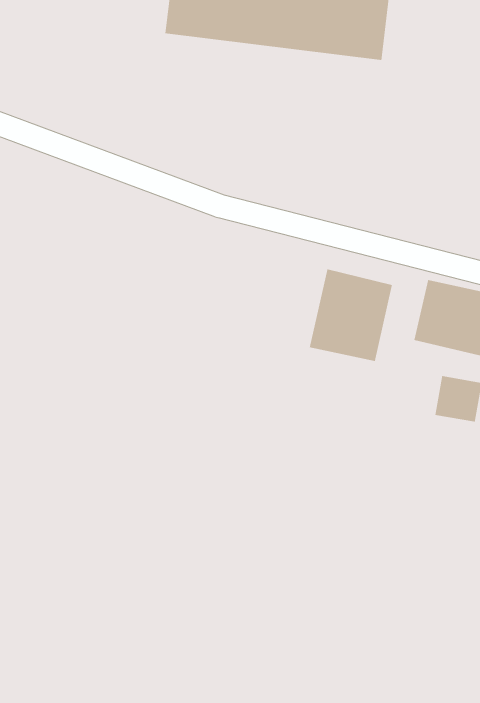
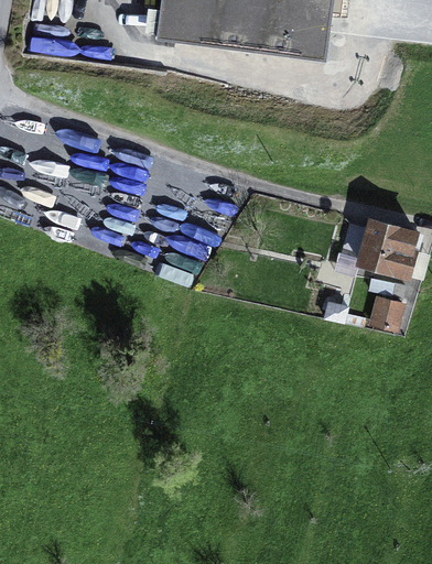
building: [309,269,392,362] -> none

